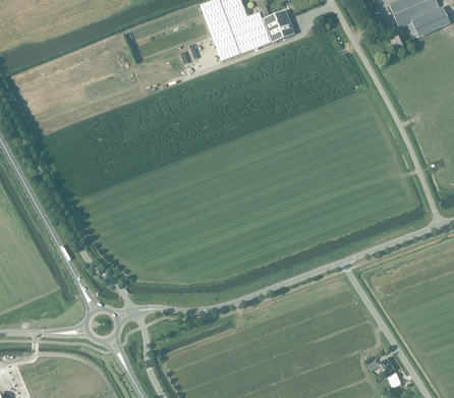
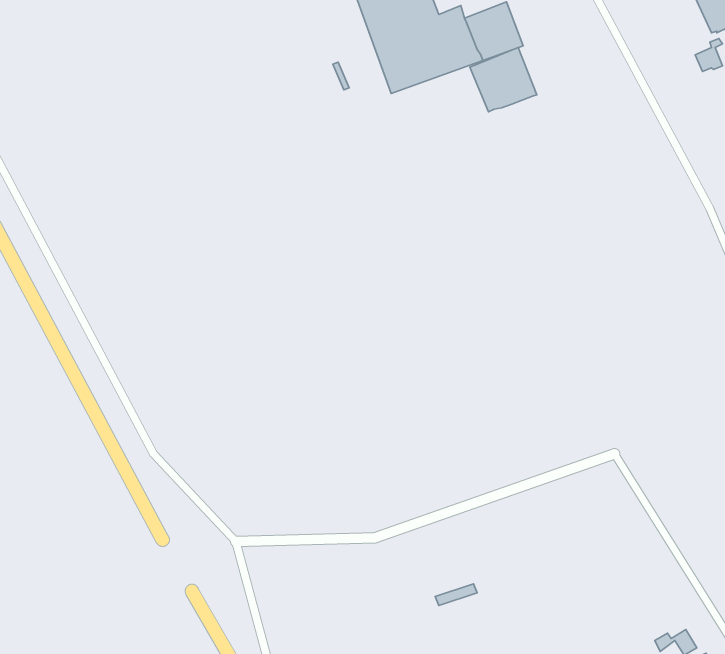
building: none -> [470,48,537,112]

